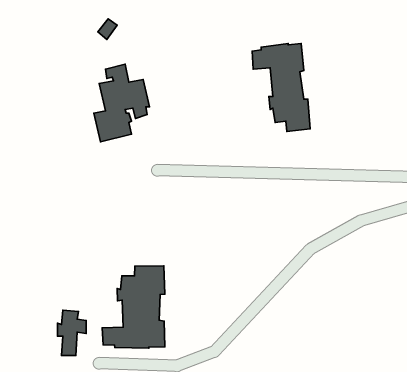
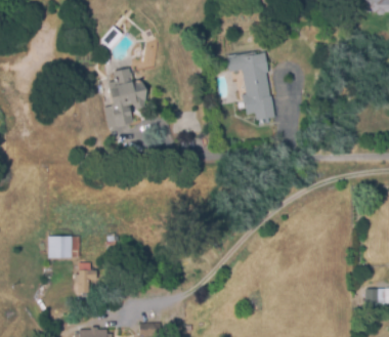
building: [102,266,165,348] -> none
building: none -> [48,236,80,258]

